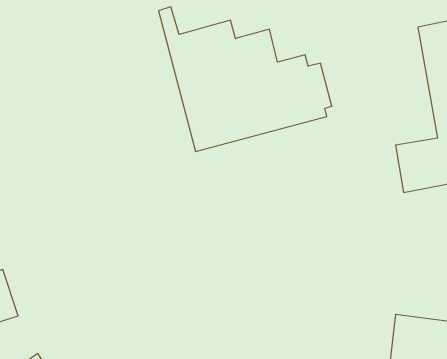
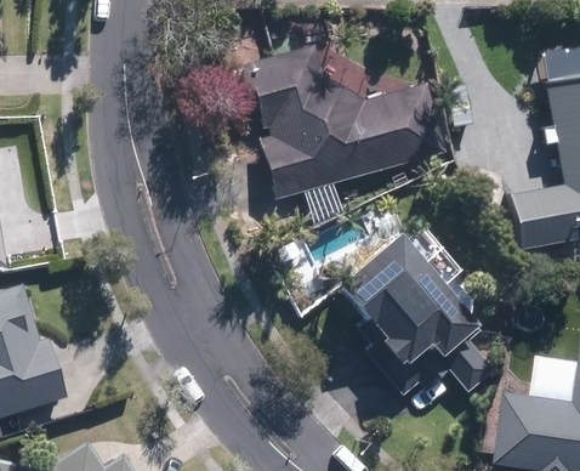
building: none -> [340,231,482,362]

